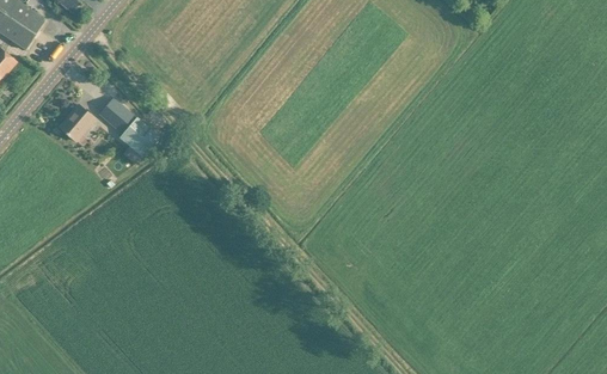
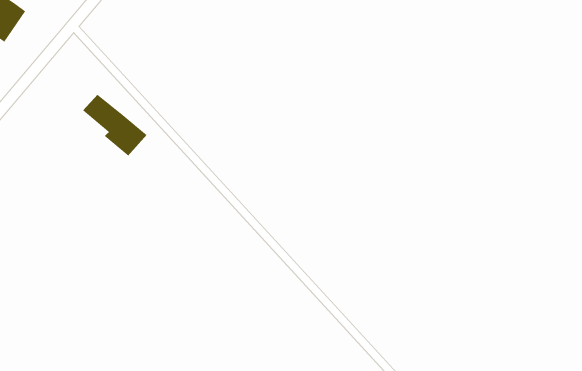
building: [61,105,94,142] -> none

